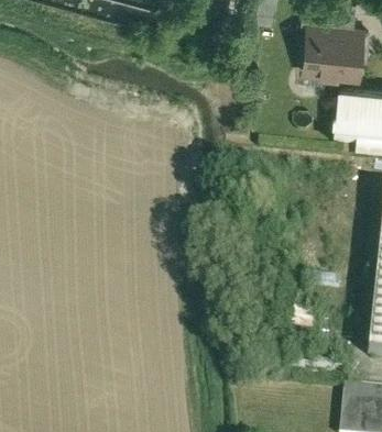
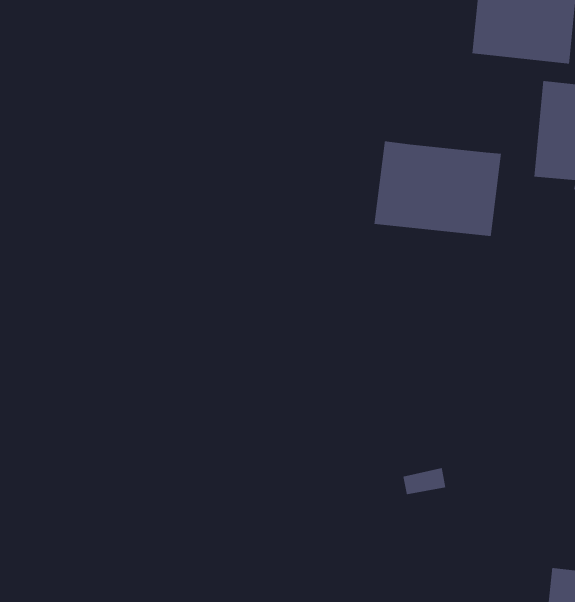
building: none -> [374,141,501,237]

